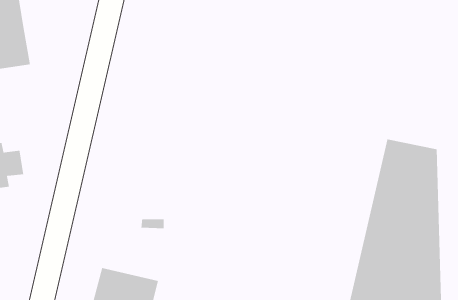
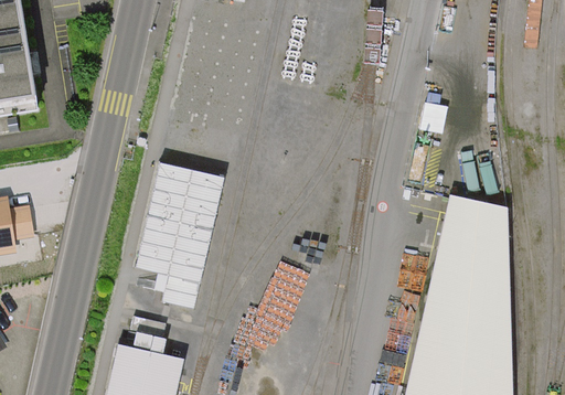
building: none -> [128,157,225,275]

